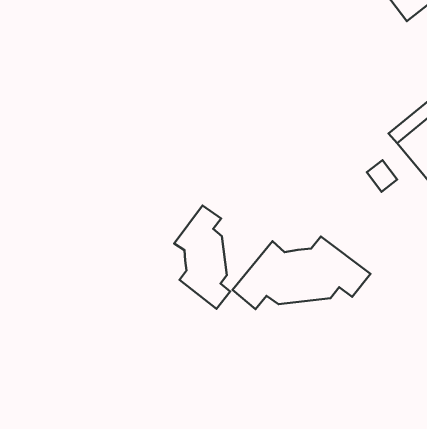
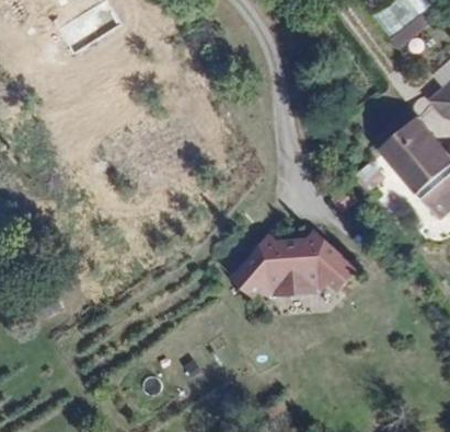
building: [174,205,230,309] -> none

